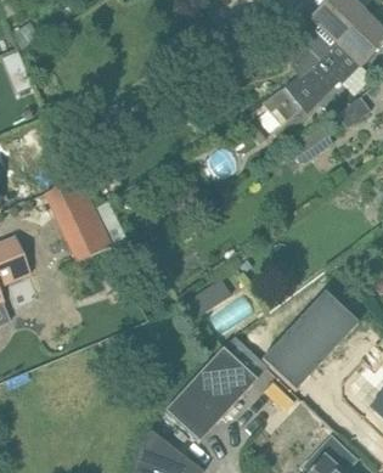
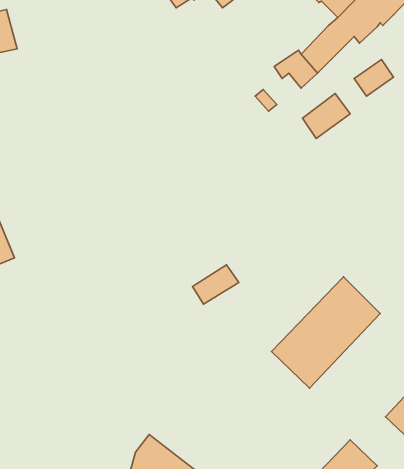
building: [44,175,112,260] -> none
building: [165,347,258,441] -> none

